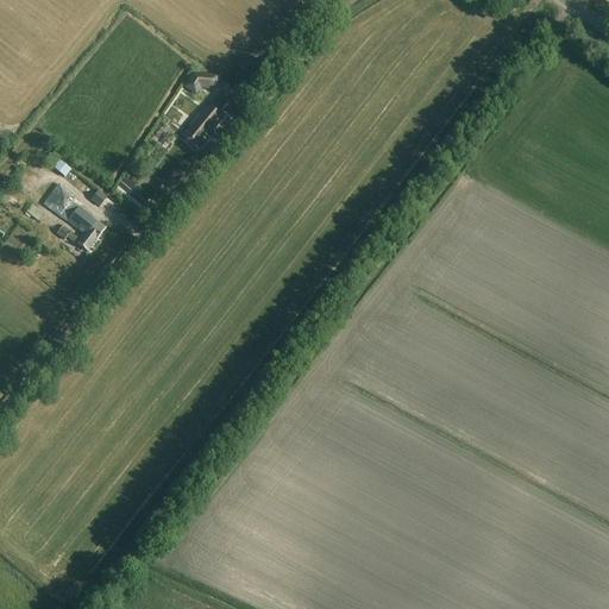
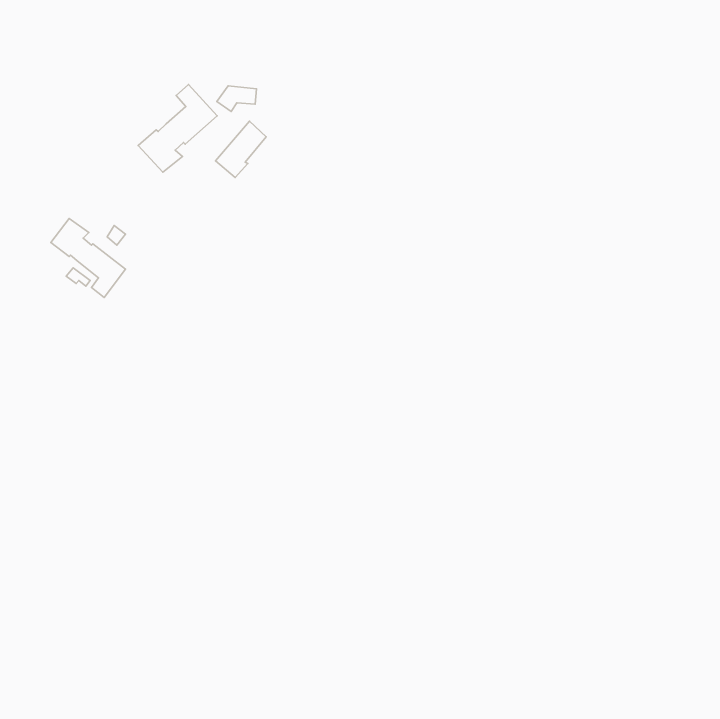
building: none -> [138,85,217,172]

